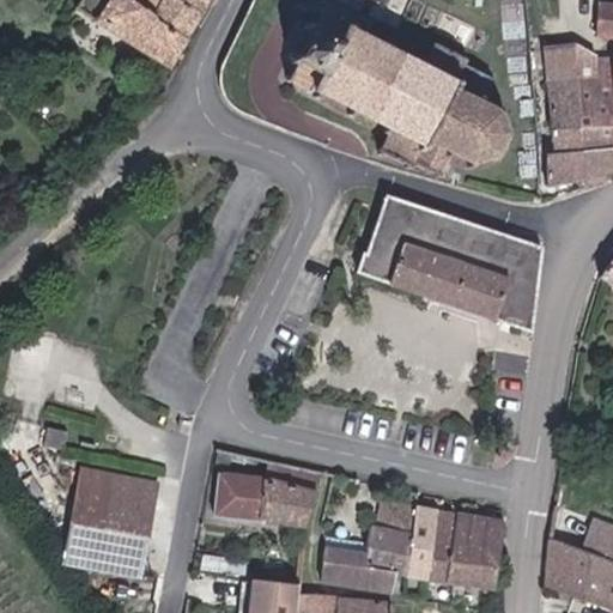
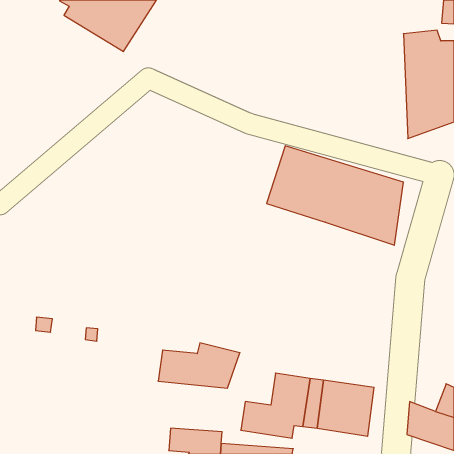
building: [278,8,514,176] -> none
building: [69,469,159,571] -> none

